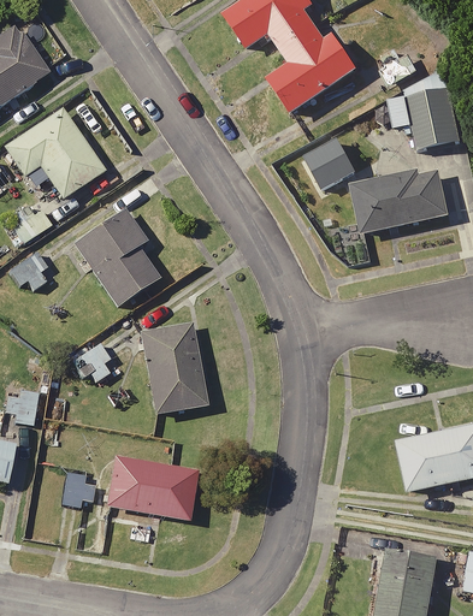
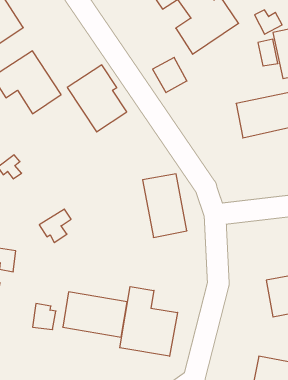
building: [306,140,355,190] -> [153,57,187,93]
building: [73,208,159,304] -> [67,65,127,132]
building: [141,322,205,414] -> [143,174,187,237]
building: none -> [120,287,178,356]

